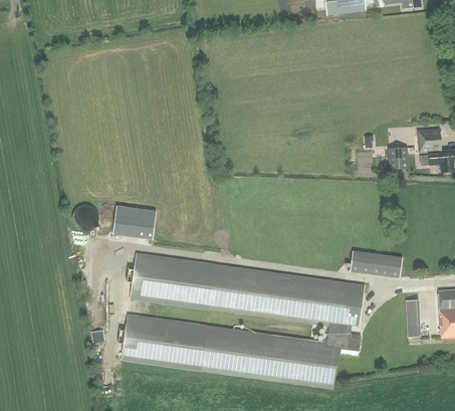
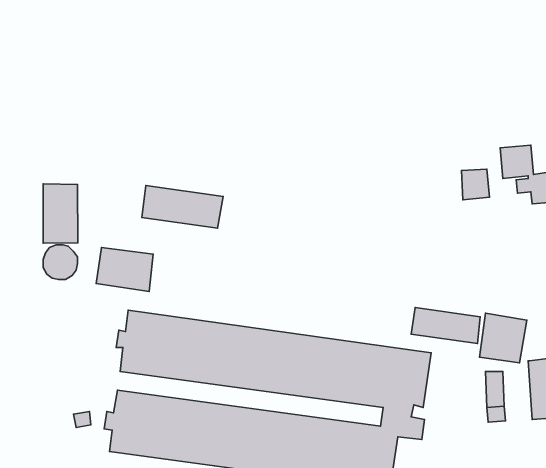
building: none -> [43,184,78,243]
building: none -> [142,185,223,228]
building: none -> [480,313,527,363]

